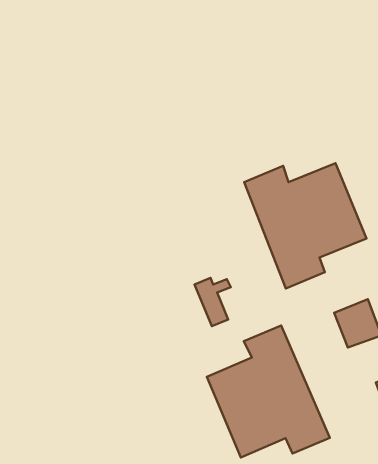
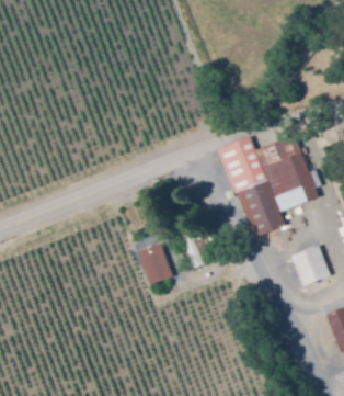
building: none -> [138,245,172,284]
building: [207,326,330,457] -> none

